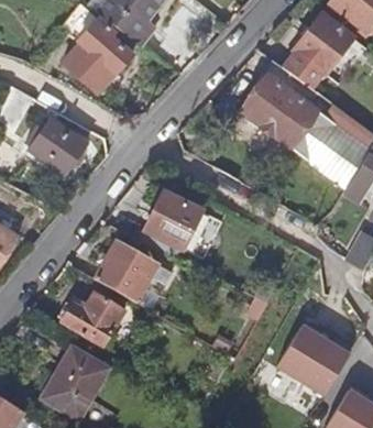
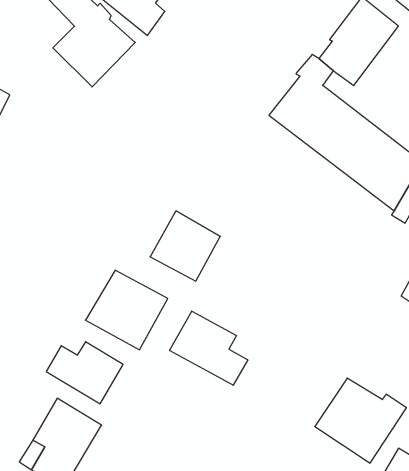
building: [28,117,85,173] -> none
building: none -> [170,311,248,385]

